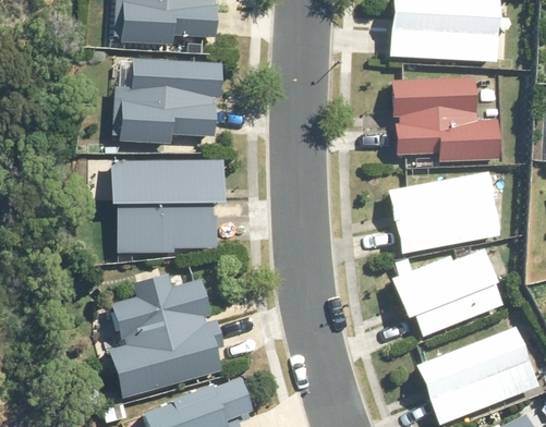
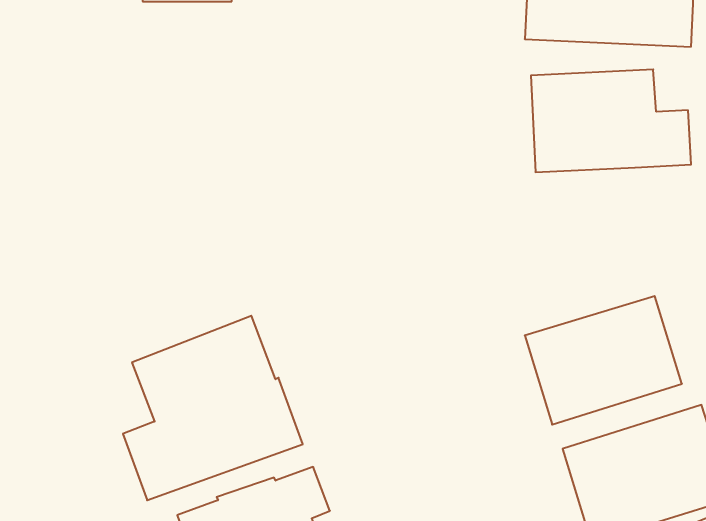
building: [116,64,221,138] -> none
building: [118,158,216,229] -> none
building: [380,162,502,261] -> none

